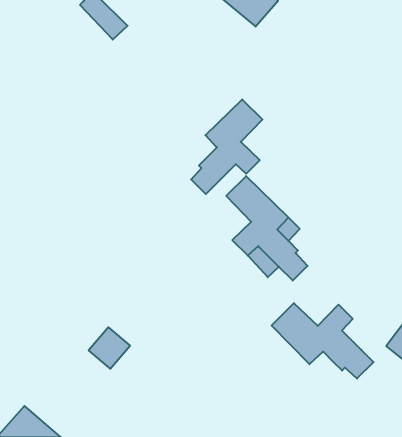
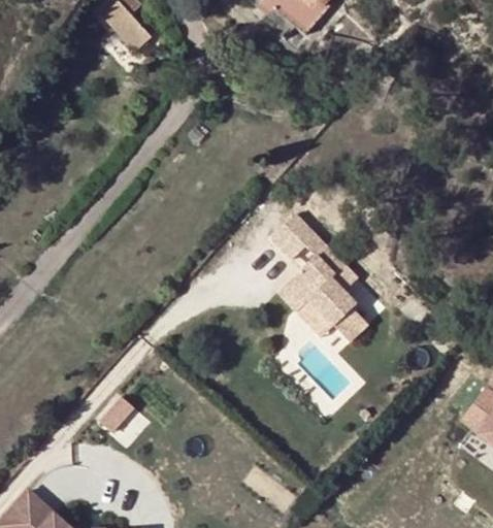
building: [191,99,262,194] -> none
building: [272,303,374,379] -> none

